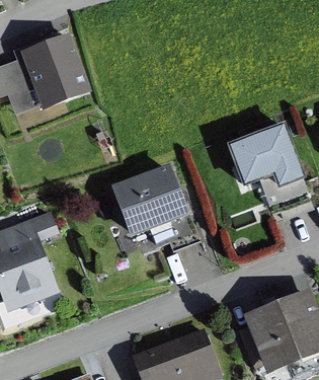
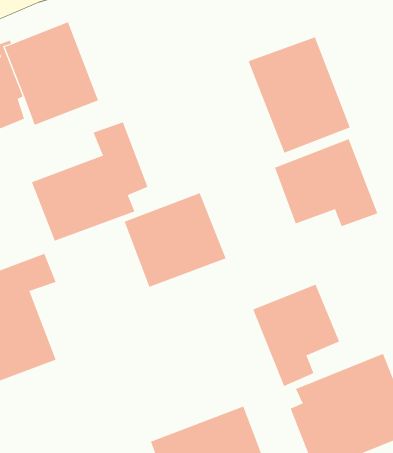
building: none -> [248,37,351,153]
building: none -> [31,121,148,242]
building: none -> [253,284,340,387]

